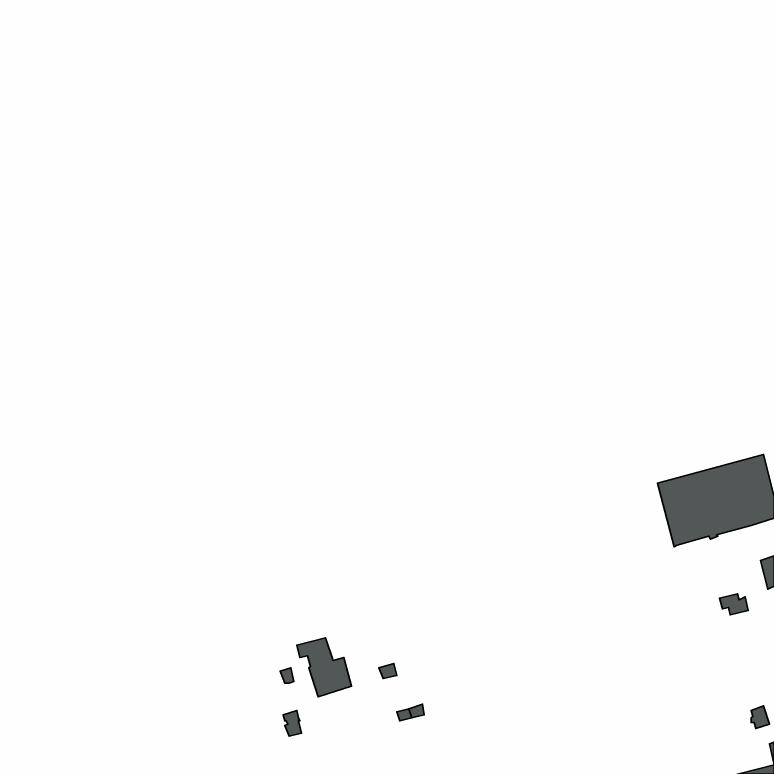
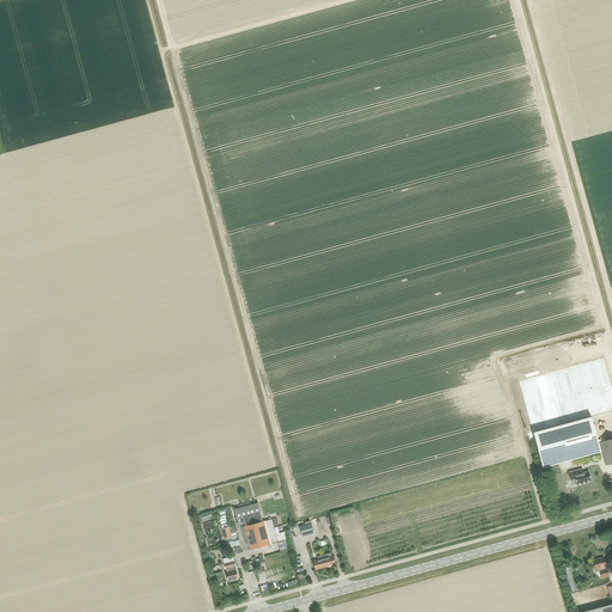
building: none -> [533,417,600,467]

